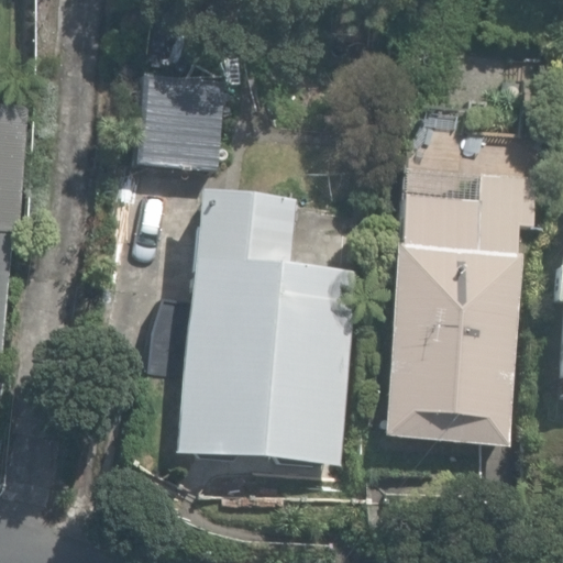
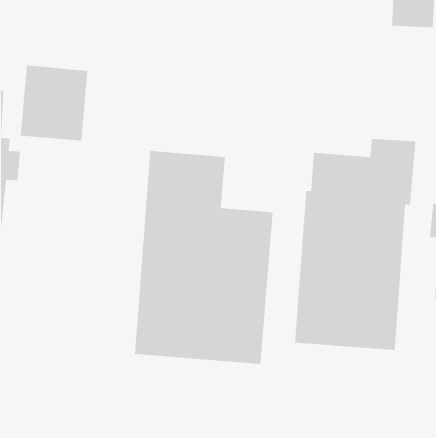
building: [136,73,223,169] -> [20,65,88,141]

